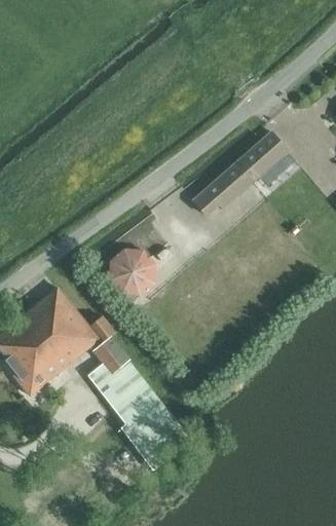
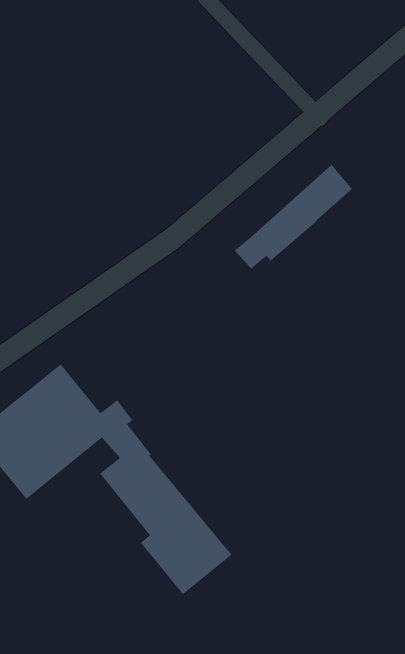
building: [108,250,154,297] -> none

